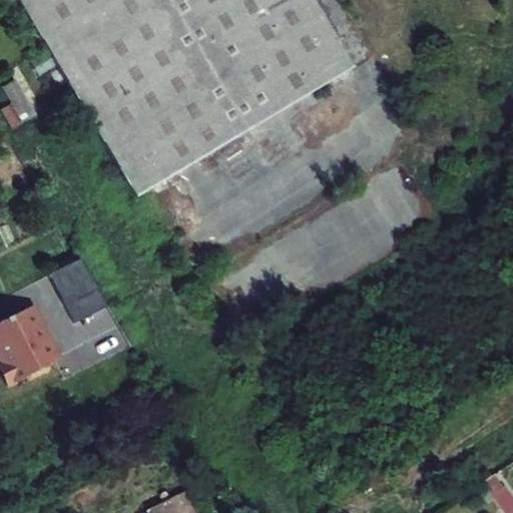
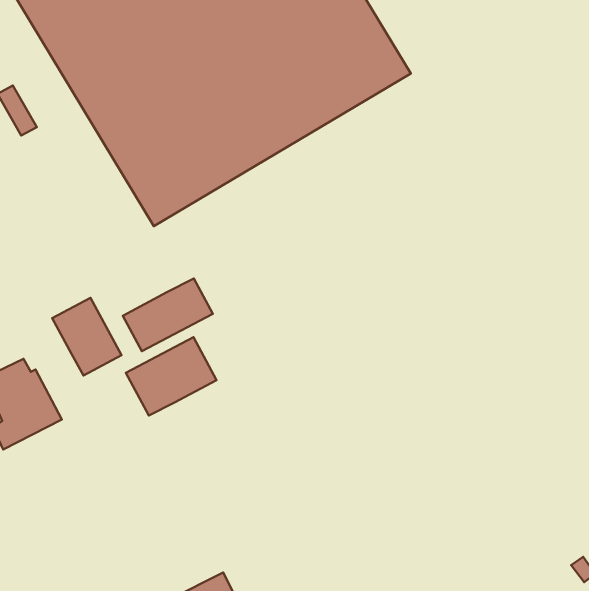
building: none -> [123,278,213,351]
building: none -> [126,337,216,416]

